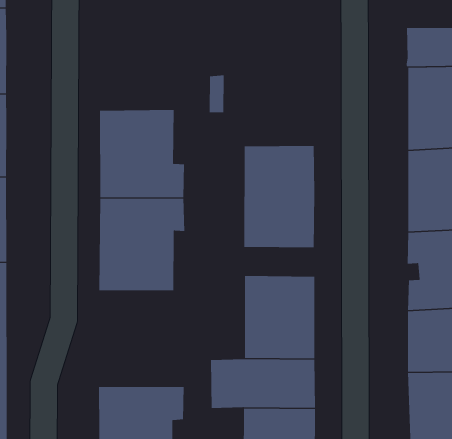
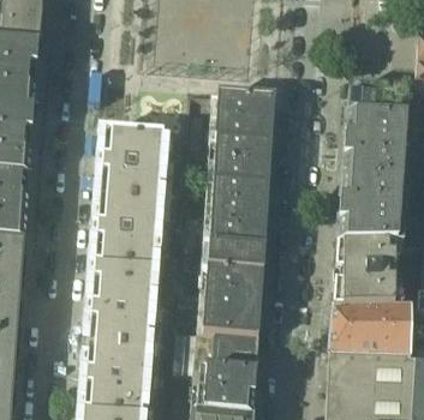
building: none -> [215,95,276,173]
building: none -> [202,248,264,275]
building: none -> [88,274,157,353]

